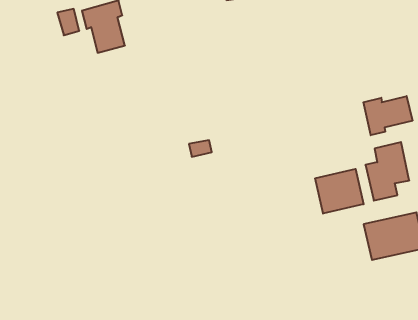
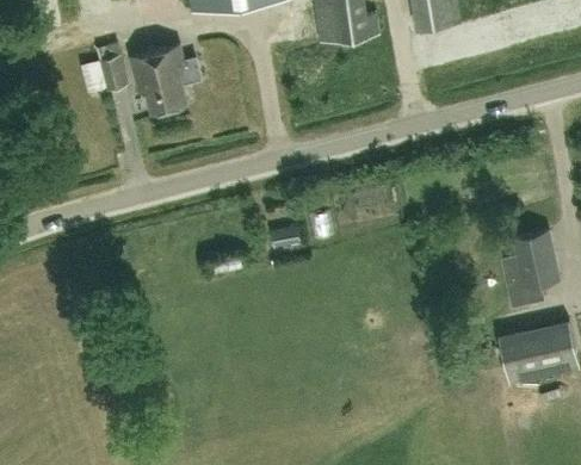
building: [363,96,412,135] -> none
building: [315,169,364,214] -> none

